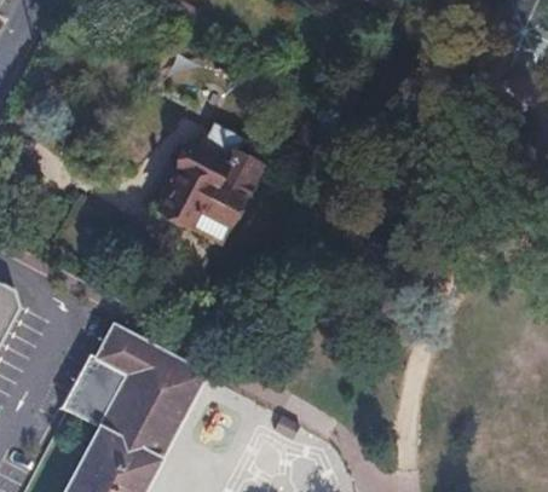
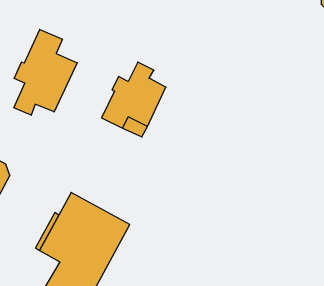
building: none -> [14,29,77,115]

